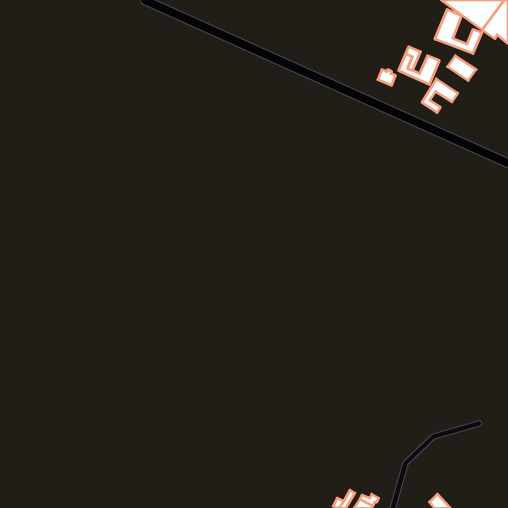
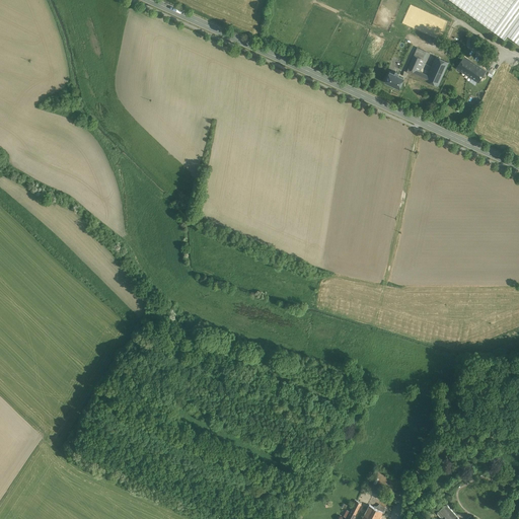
building: [435,9,482,54] -> none
building: [422,79,458,113] -> none

